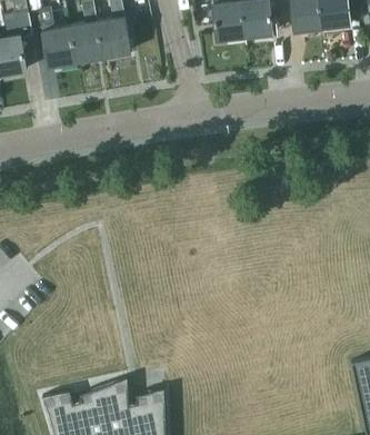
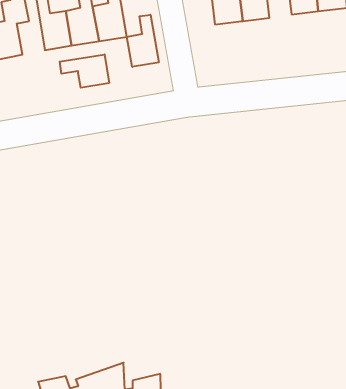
building: none -> [127,15,159,67]
building: none -> [60,54,109,88]

